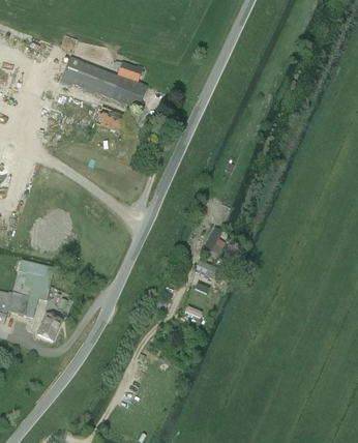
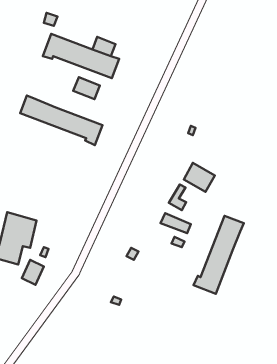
building: none -> [20,95,102,145]
building: none -> [184,163,215,192]
building: none -> [194,216,244,294]

